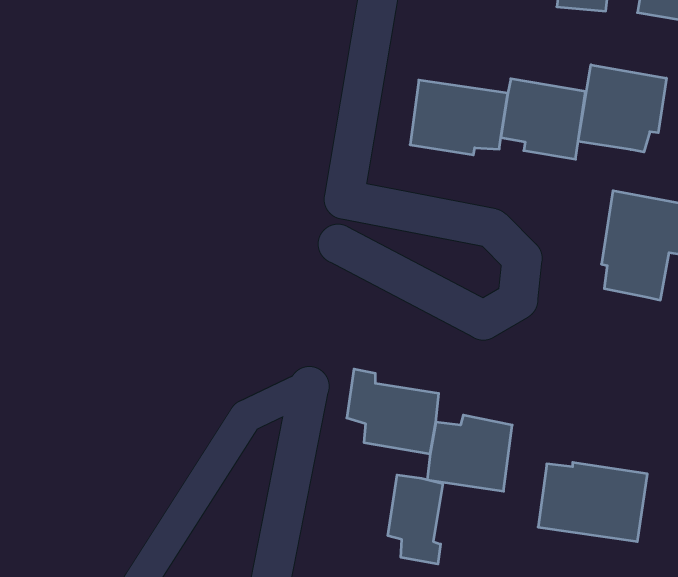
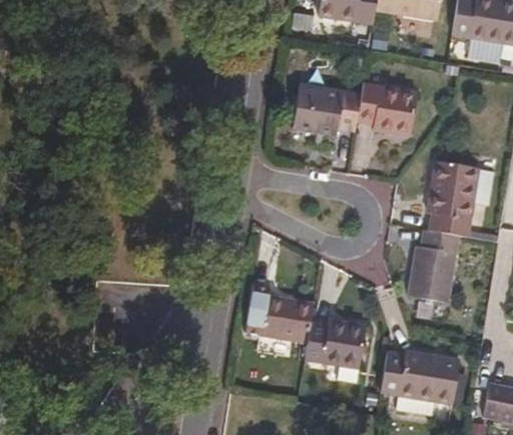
building: [578,65,666,152] -> none
building: none -> [408,229,459,302]
building: [388,475,443,564] -> none

